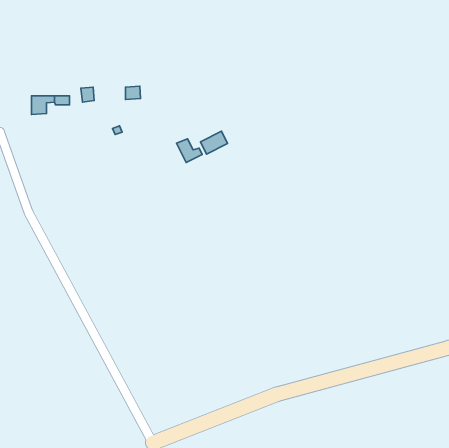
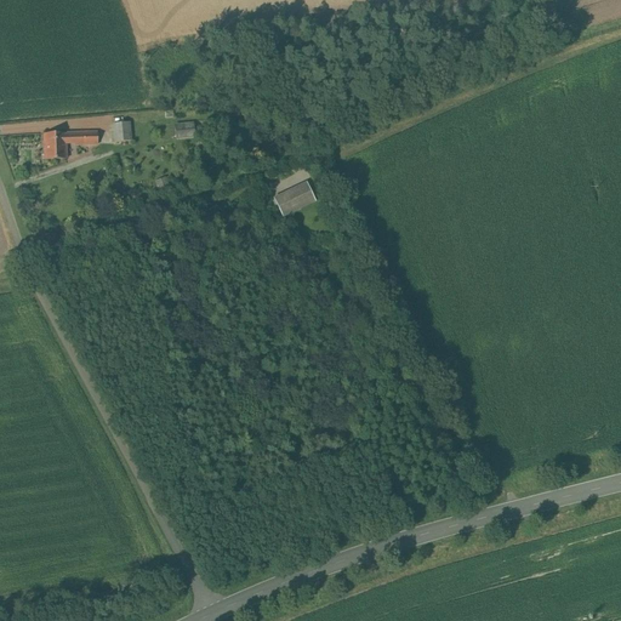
building: [177,139,202,163] -> none

